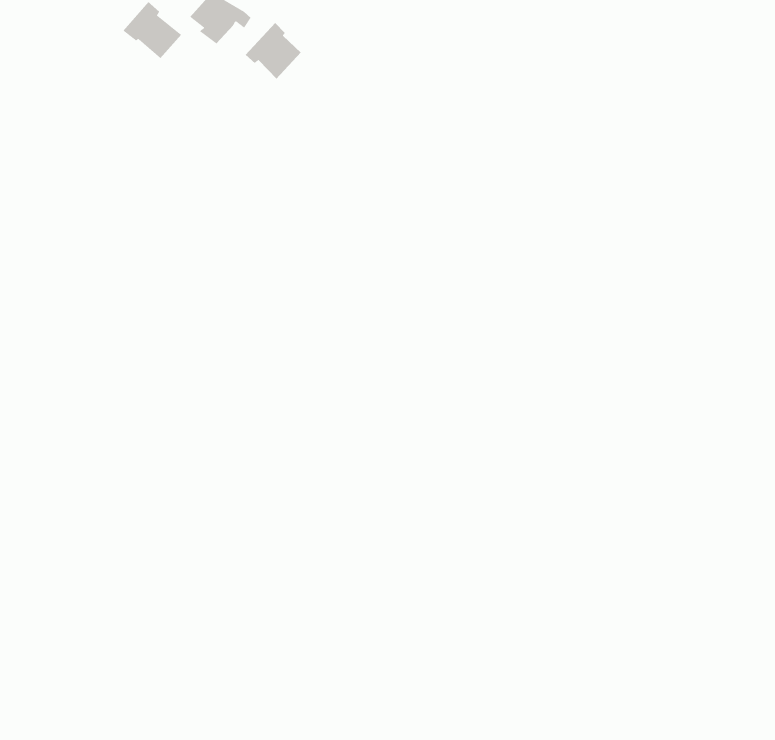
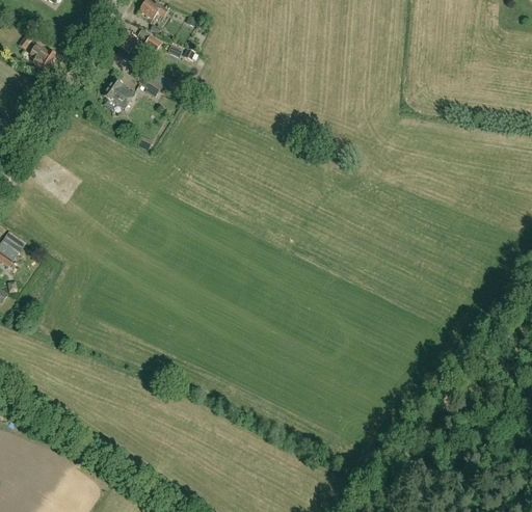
building: [245,22,301,80] -> none

